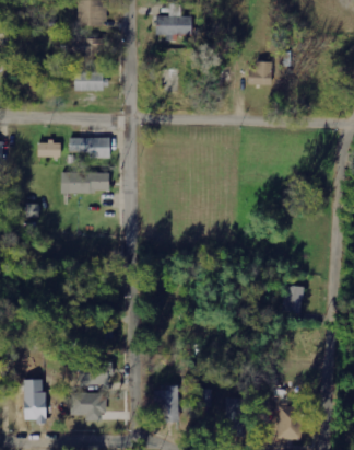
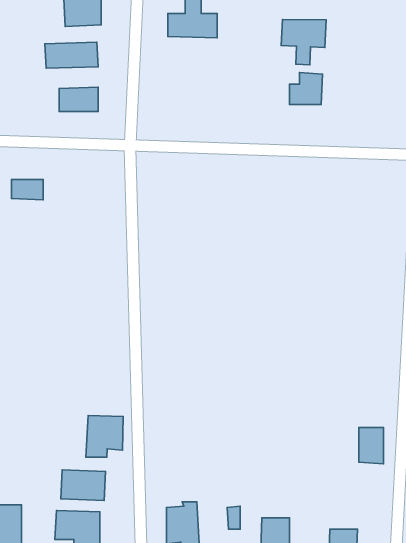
building: none -> [281,19,326,65]
building: [69,137,109,157] -> none
building: [60,171,109,193] -> none
building: [283,286,302,313] -> [359,428,383,464]
building: none -> [86,415,123,457]

